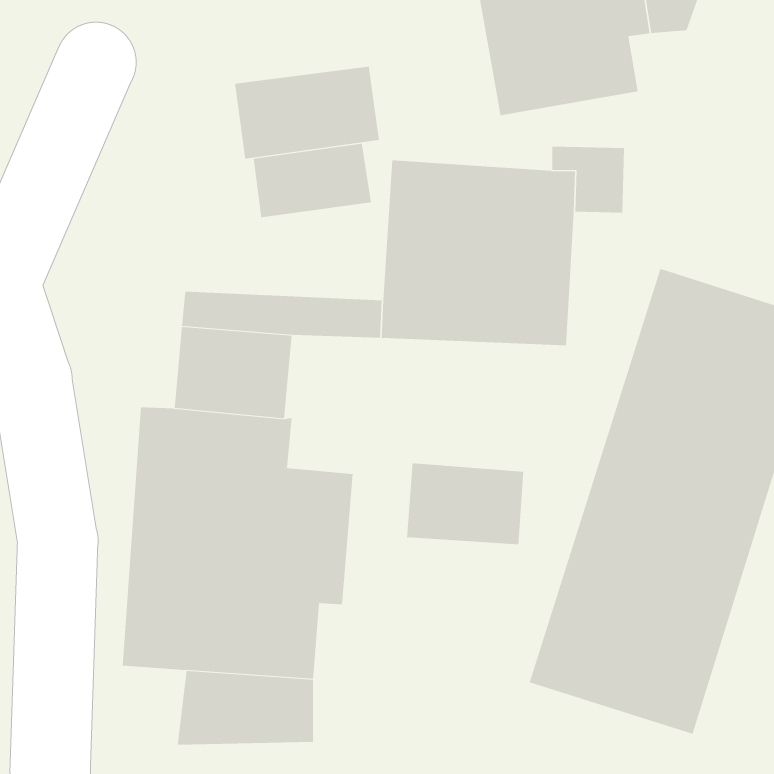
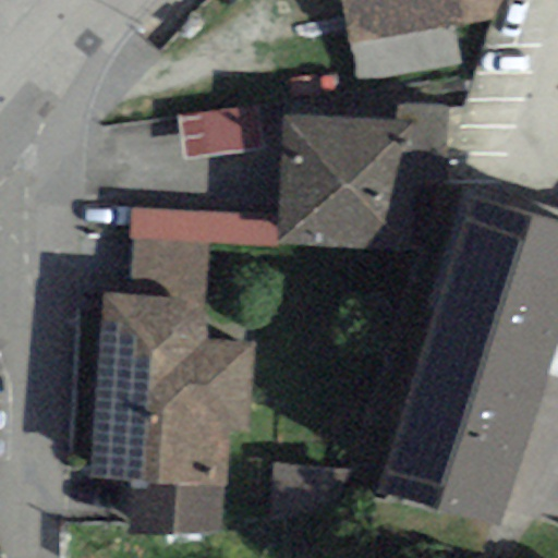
building: [234,66,380,160] -> none
building: [407,462,524,545] -> none

